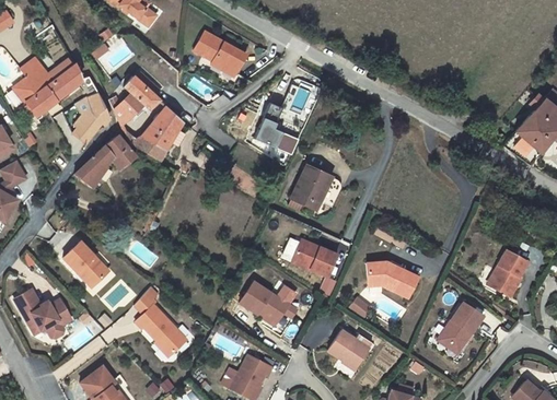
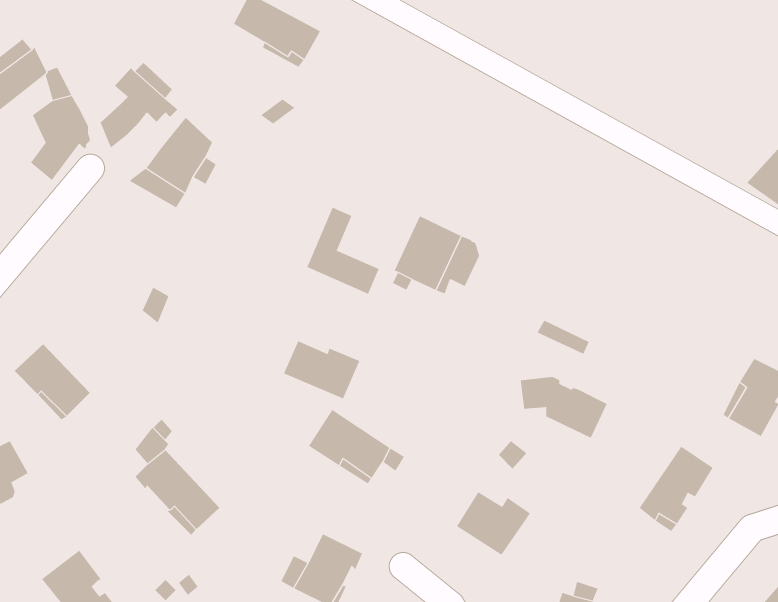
building: [254,103,298,155] -> [307,207,380,294]
building: [73,134,135,187] -> none
building: [291,242,337,277] -> [283,341,360,399]

